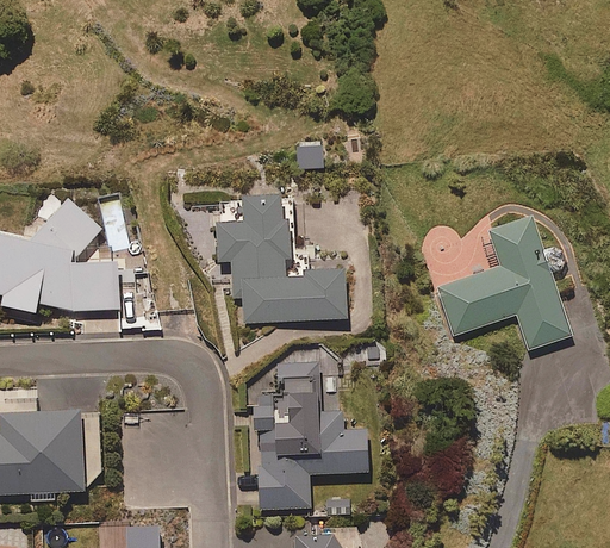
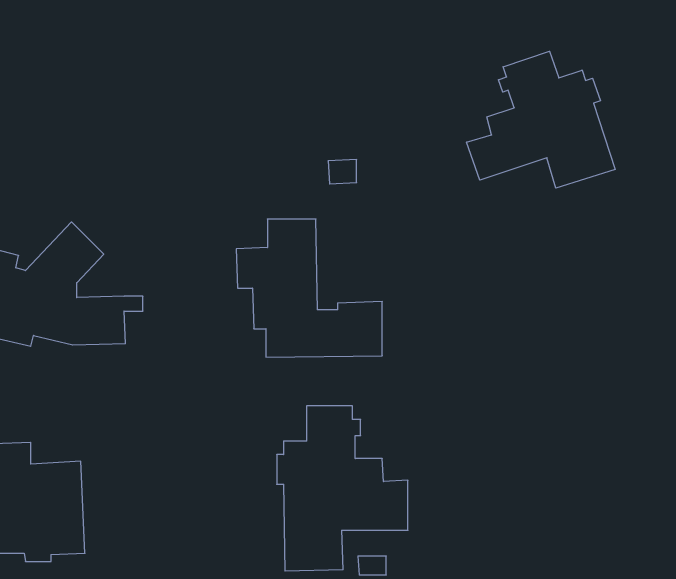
building: none -> [467,51,615,188]
building: [437,217,569,349] -> none

